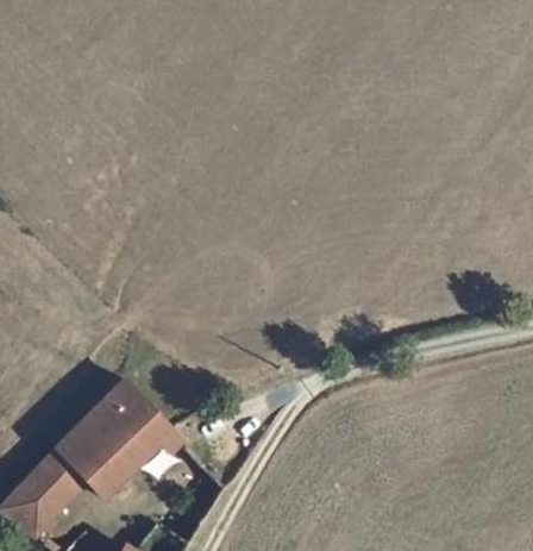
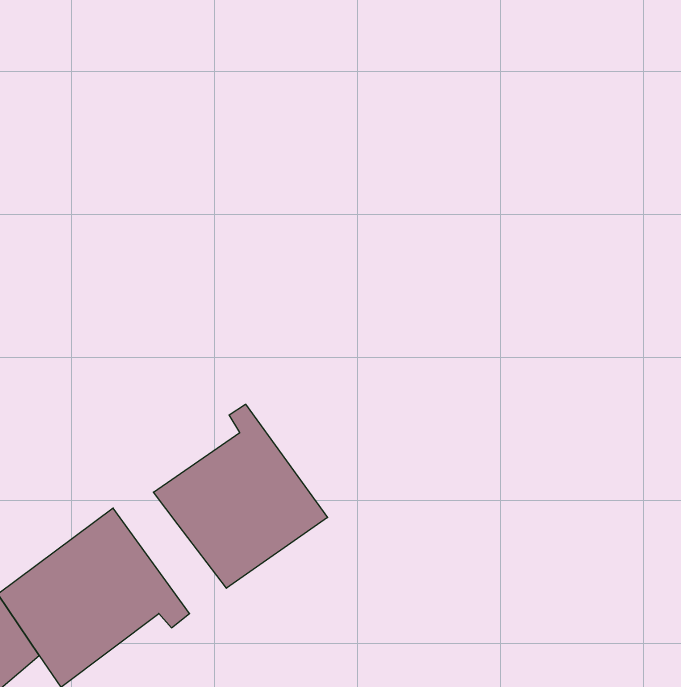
building: none -> [153,404,328,588]

